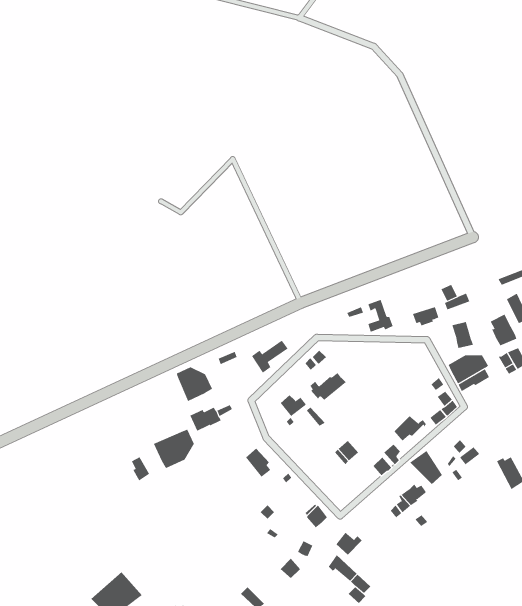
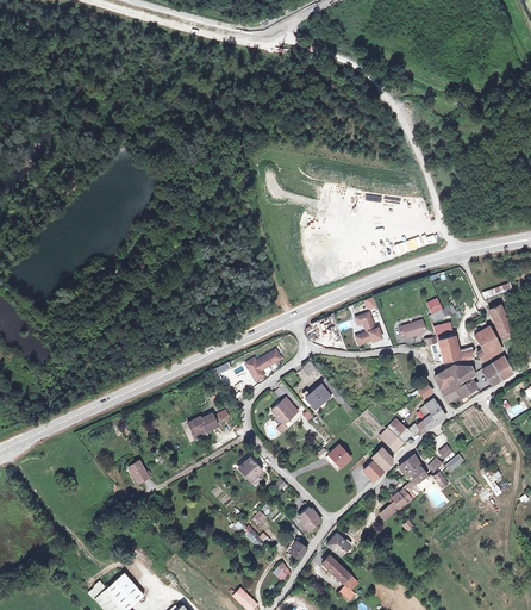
building: [176,367,213,402] -> none
building: [153,429,194,469] -> none

